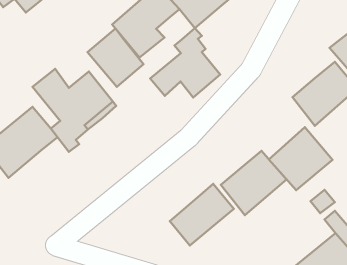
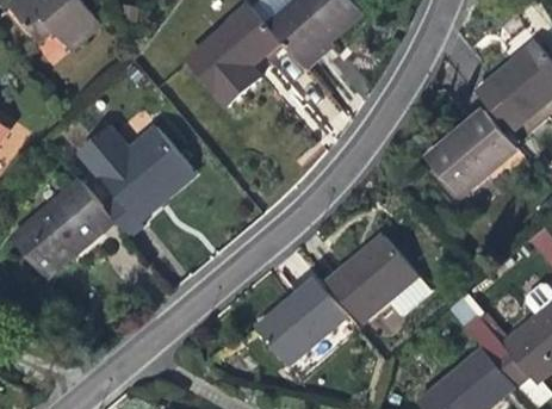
building: [150,28,220,97] -> none
building: [87,29,144,87] -> none
building: [269,127,333,190] -> none

